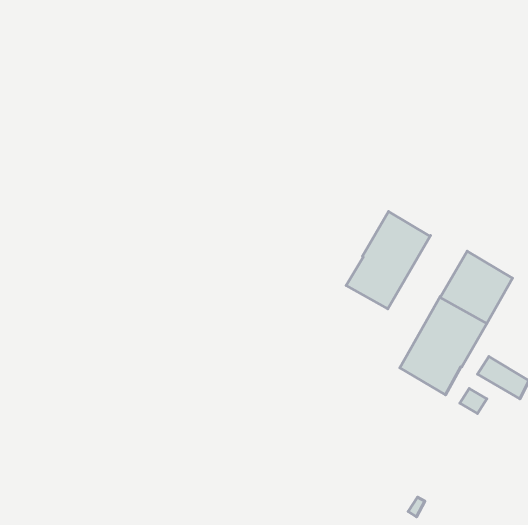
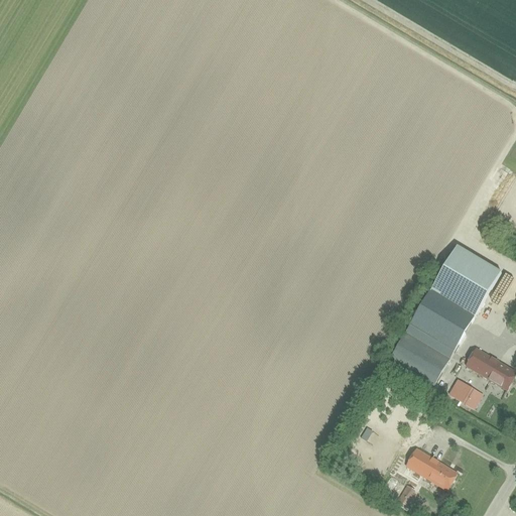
building: [346,212,431,309] -> none
building: none -> [406,448,458,490]

